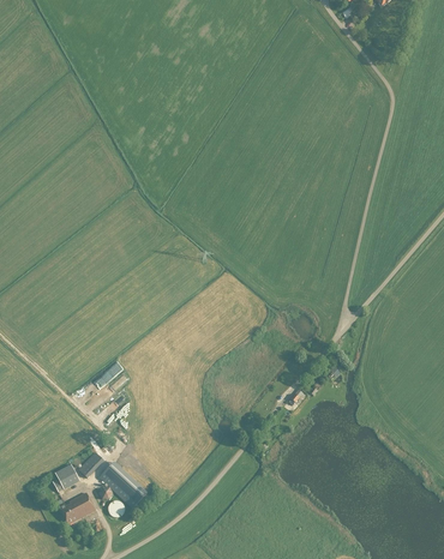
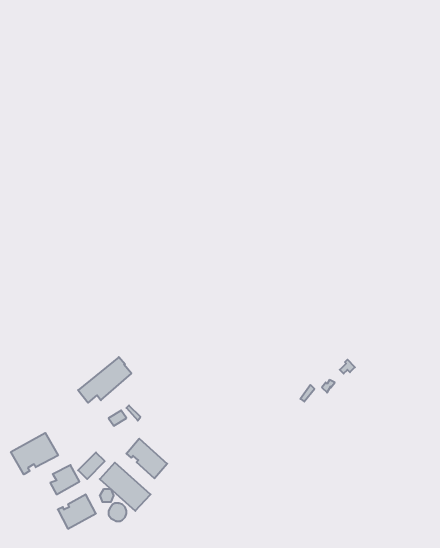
building: none -> [11,433,58,474]
building: none -> [126,439,167,478]

